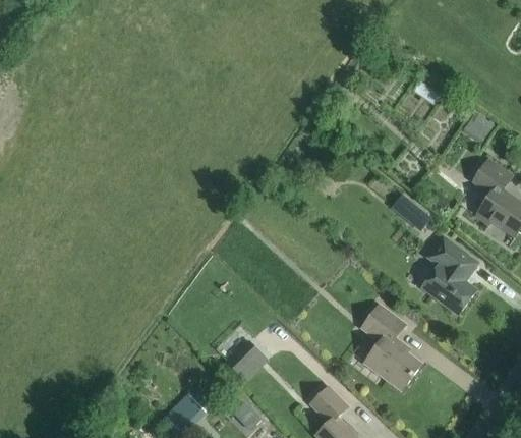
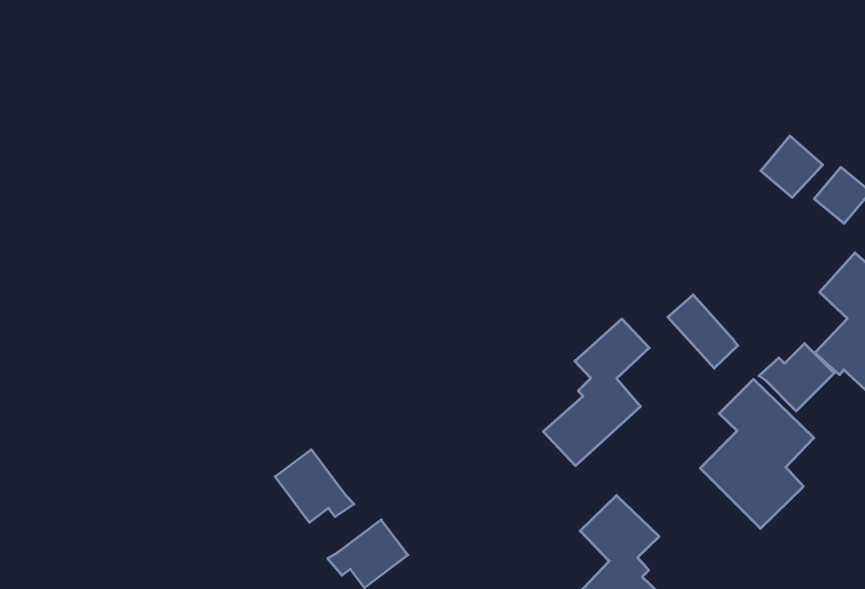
building: none -> [759,343,834,411]
building: none -> [543,319,649,466]
building: none -> [275,450,354,522]

